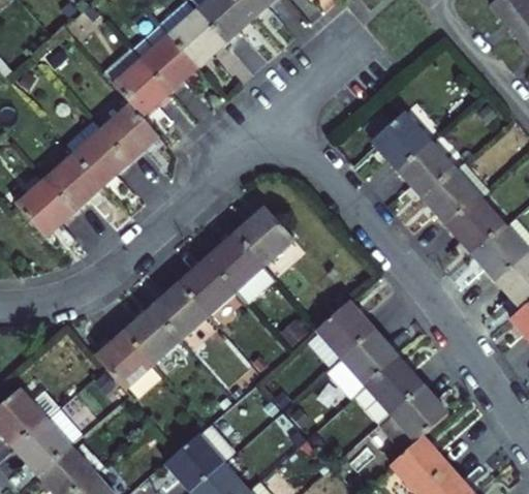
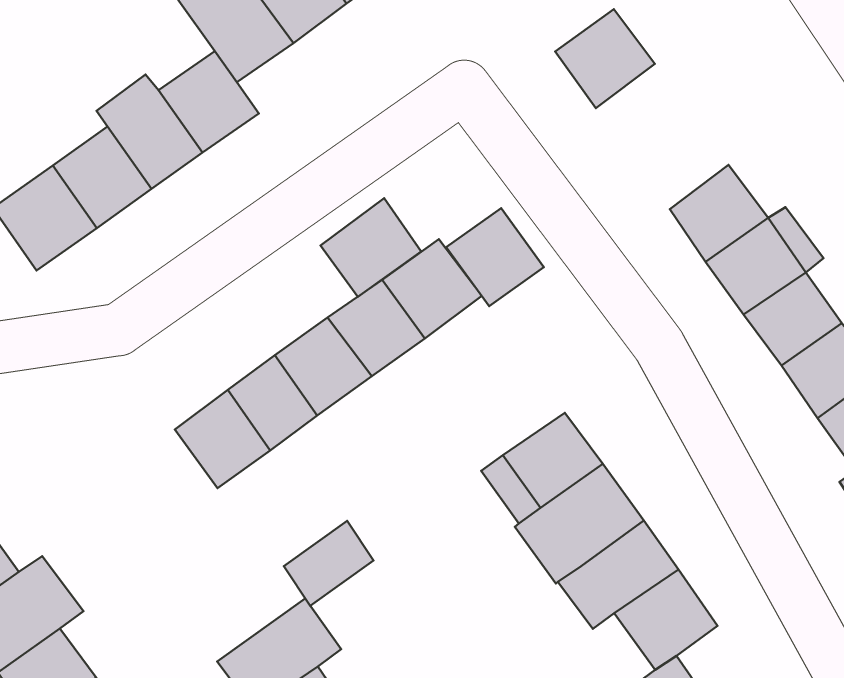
building: [369,115,427,173] -> [555,9,655,108]
building: none -> [446,208,544,306]
building: none -> [320,198,421,297]
building: [95,329,154,387] -> none
building: none -> [284,521,374,606]

